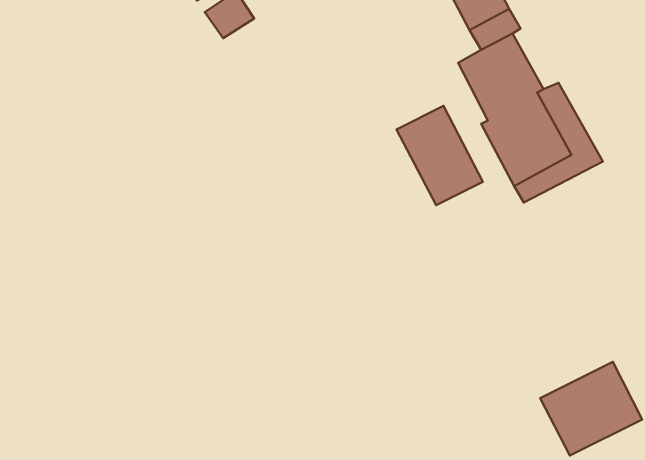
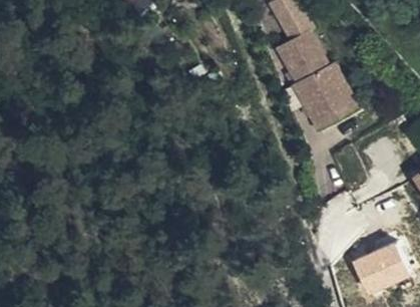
building: [397,106,483,205] -> none

